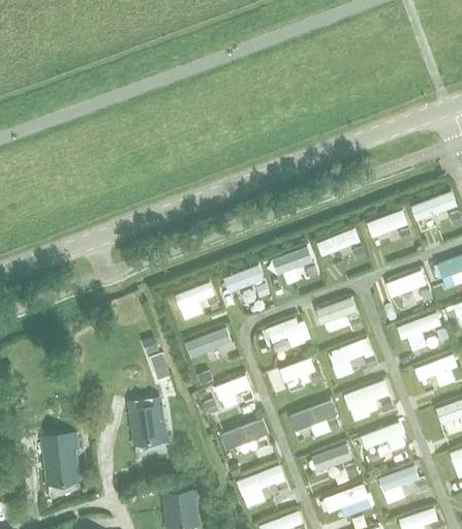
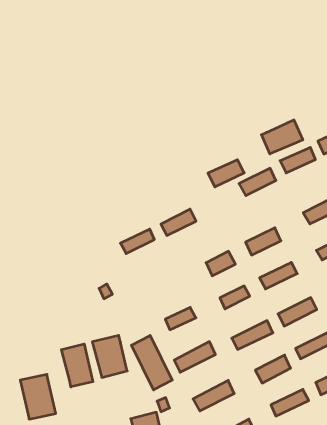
building: none -> [261,120,303,154]
building: [271,247,312,275] -> [208,160,244,187]
building: [185,328,232,359] -> none
building: none -> [131,335,172,390]
building: none -> [61,344,93,387]

